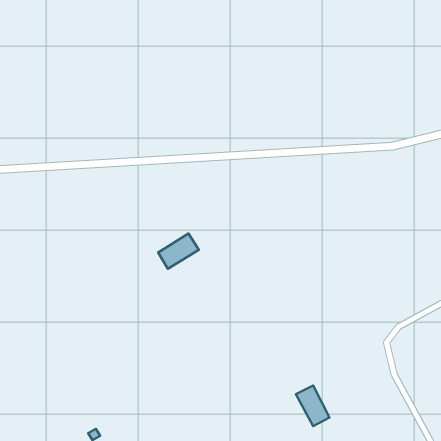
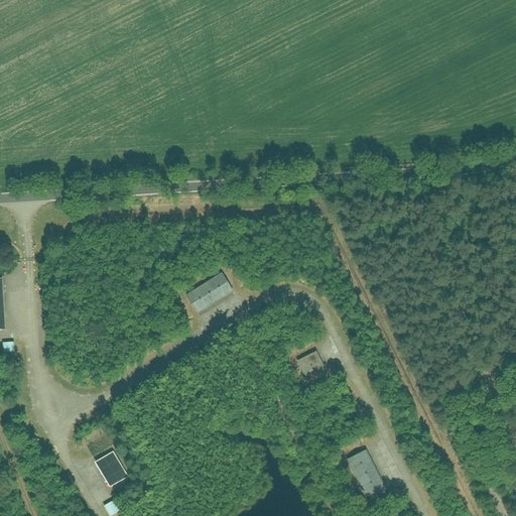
building: none -> [295,351,325,380]
building: none -> [94,452,127,487]

